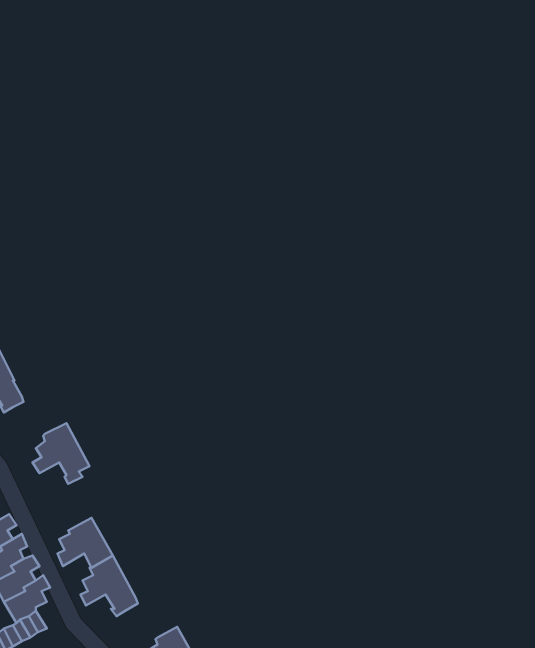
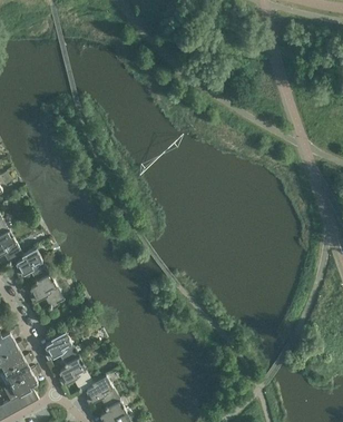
building: none -> [14,249,49,281]
building: none -> [85,376,118,408]

